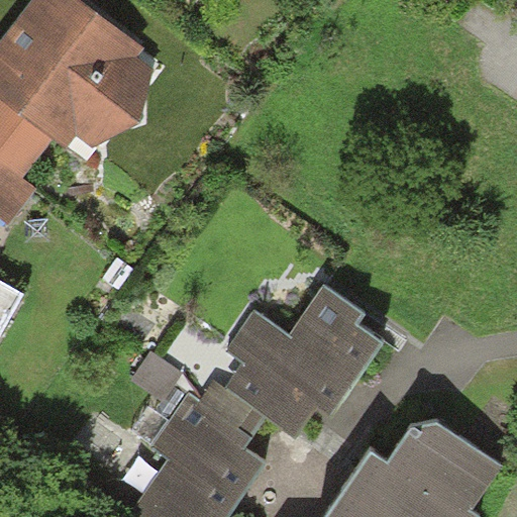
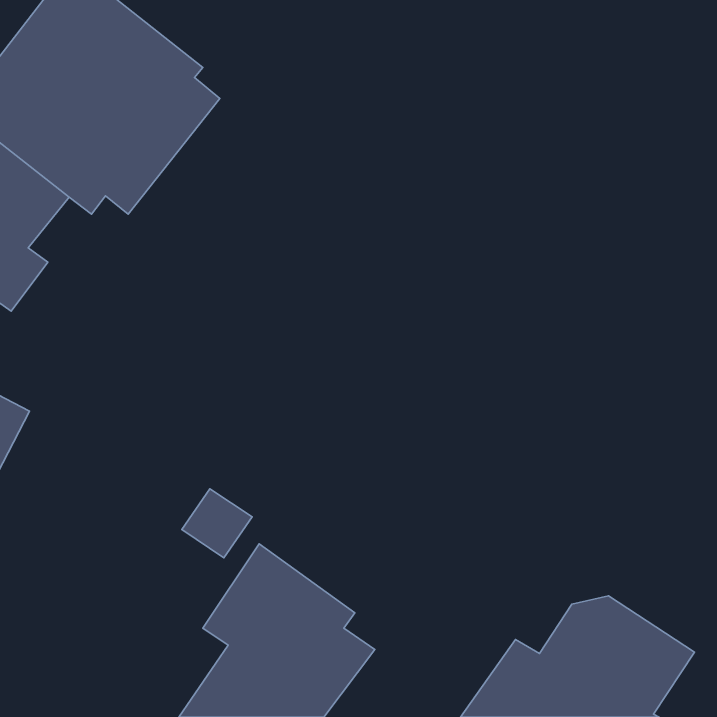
building: [221,288,381,436] -> none

